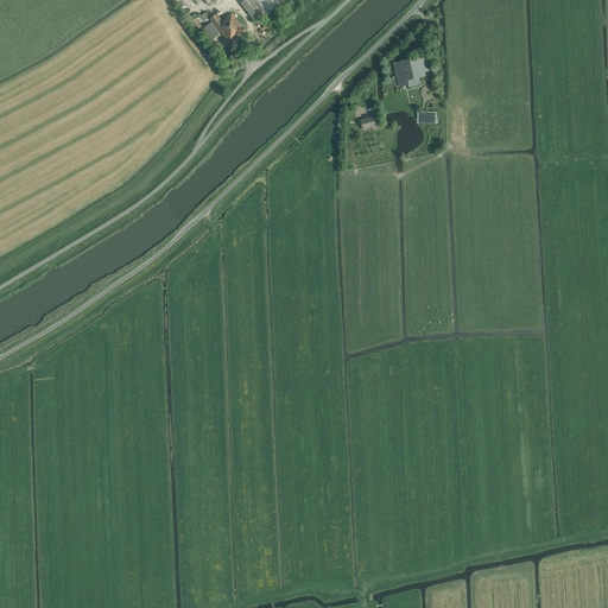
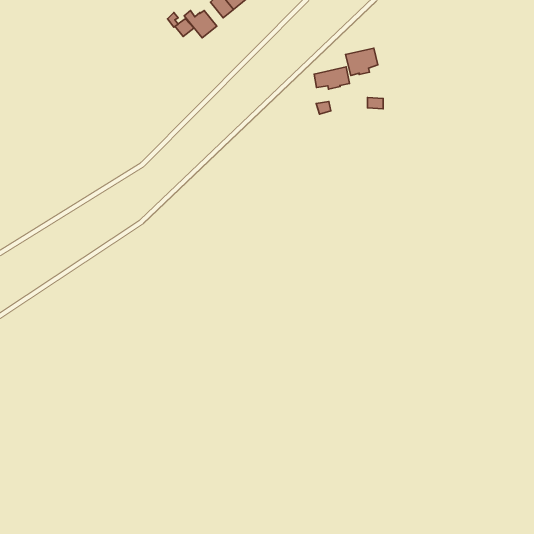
building: none -> [314,67,349,89]

